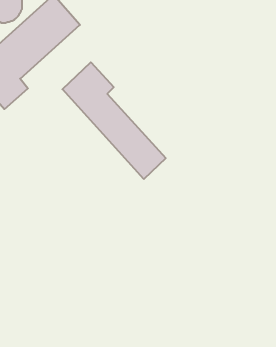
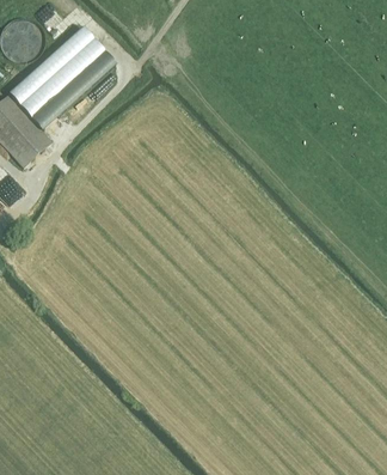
building: [62,62,166,179] -> none

